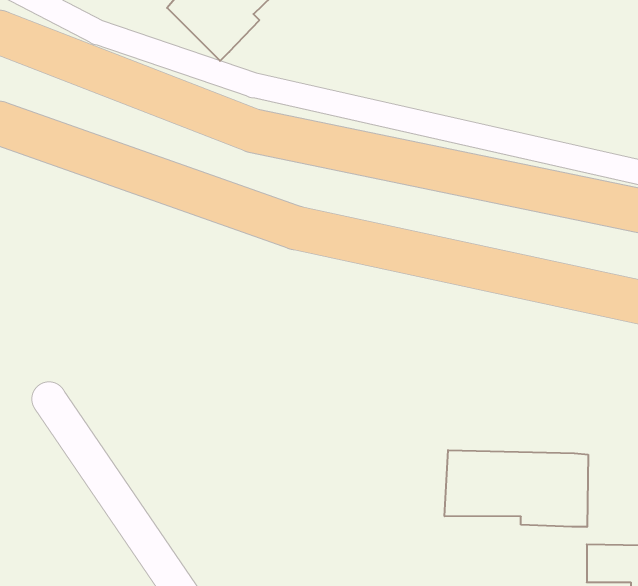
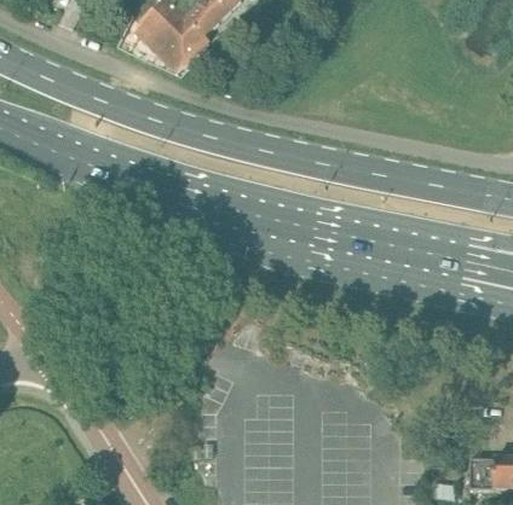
building: [445,450,588,527] -> none

